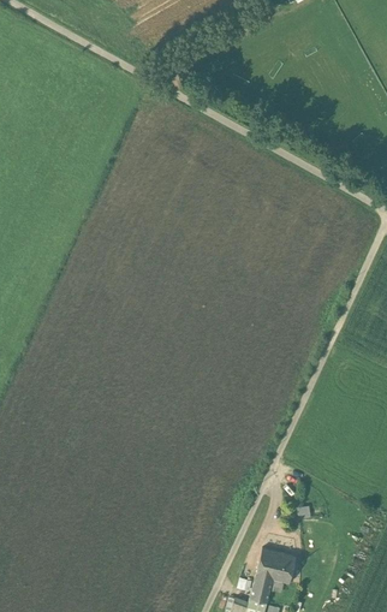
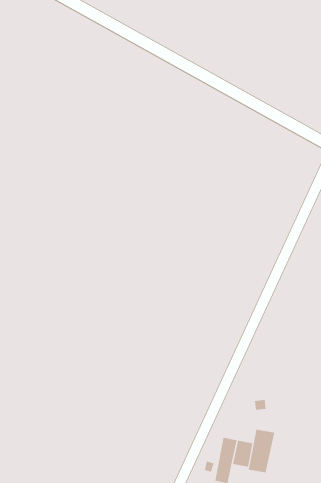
building: none -> [248,429,275,473]

